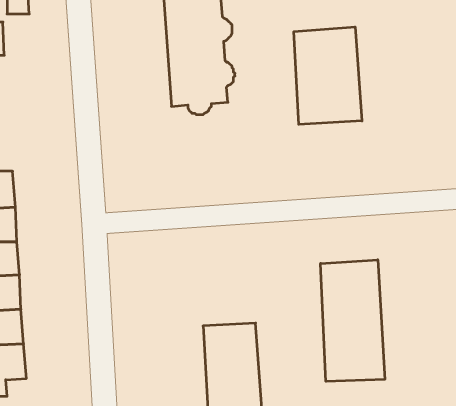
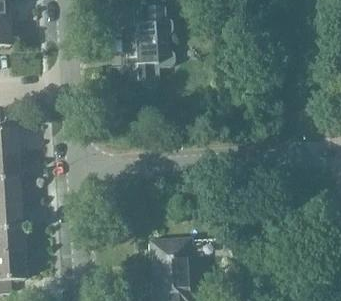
building: [294,27,362,124] -> none
building: [321,260,385,381] -> none

